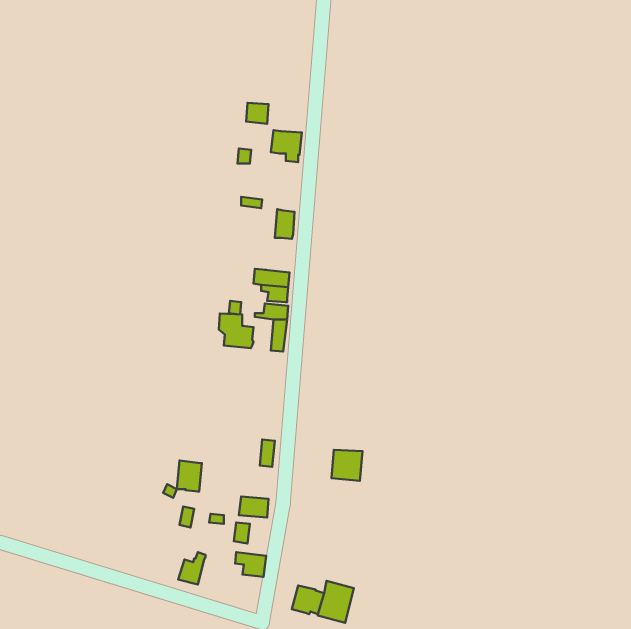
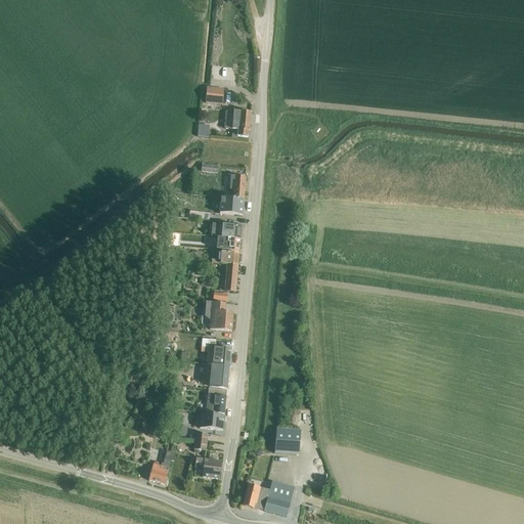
building: none -> [218,195,243,214]
building: [219,313,253,348] -> [204,301,232,330]
building: none -> [201,337,229,364]
building: [331,450,362,481] -> [273,428,299,453]
building: [177,461,202,492] -> [205,386,225,411]

